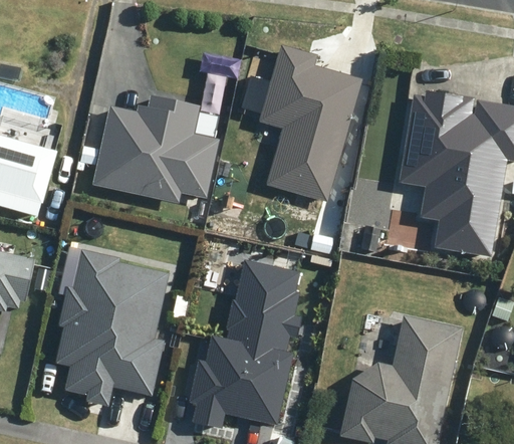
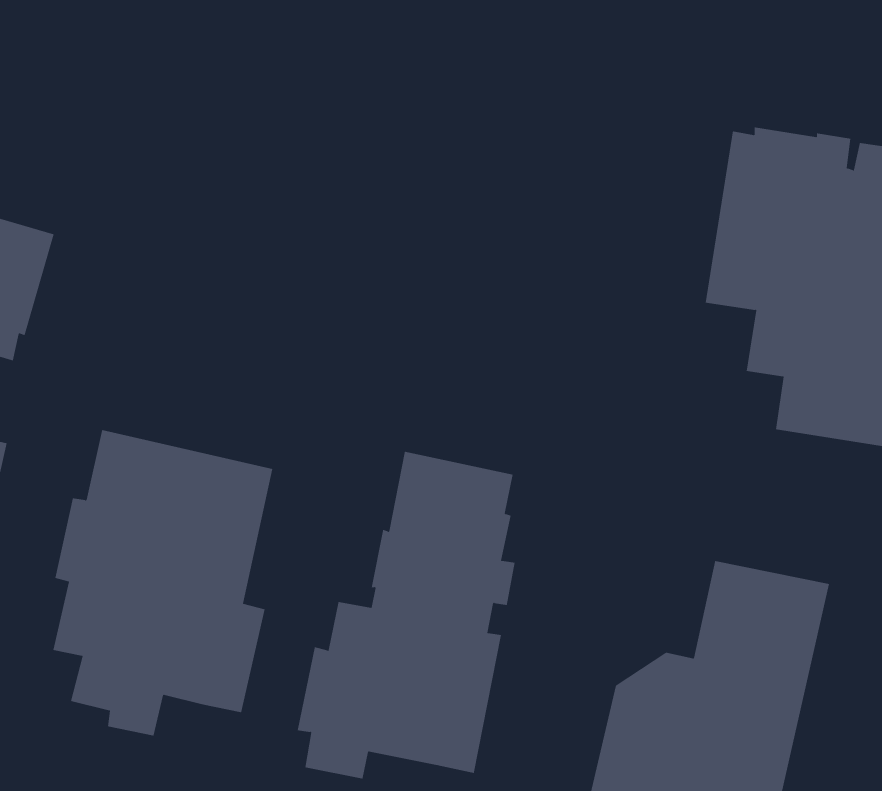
building: [256,46,358,202] -> none
building: [97,91,224,198] -> none

